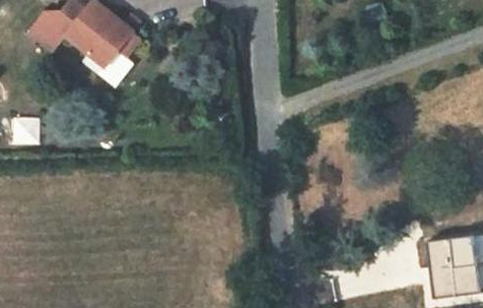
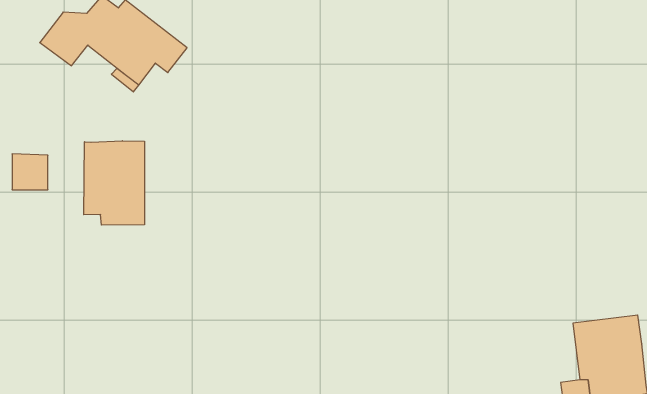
building: none -> [84,141,144,225]

